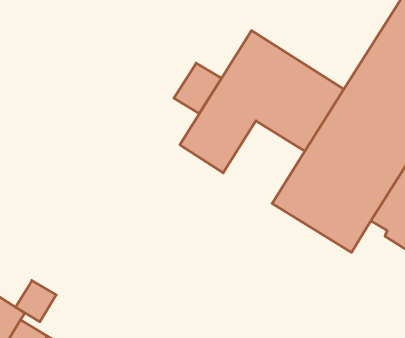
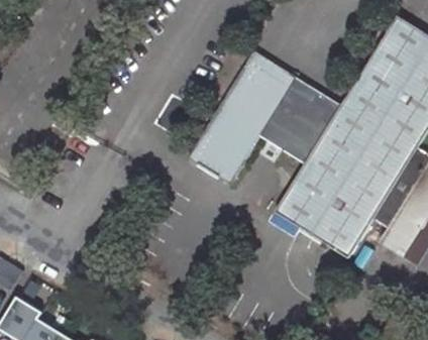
building: [174,63,222,114] -> none
building: [15,280,56,322] -> none

